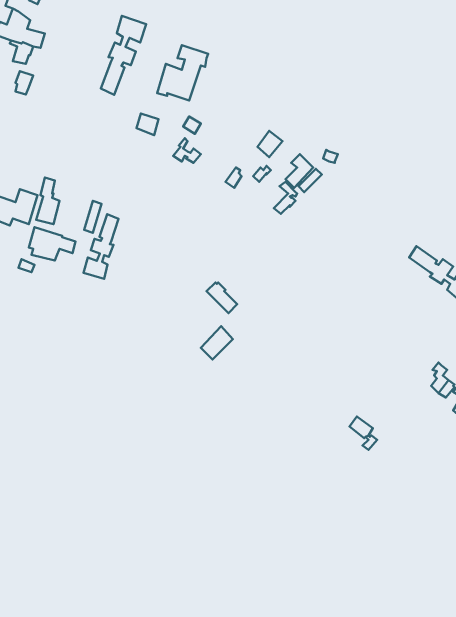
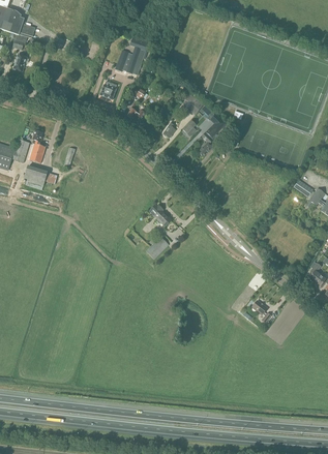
building: [101,16,146,95] -> none
building: [83,214,119,279] -> none

